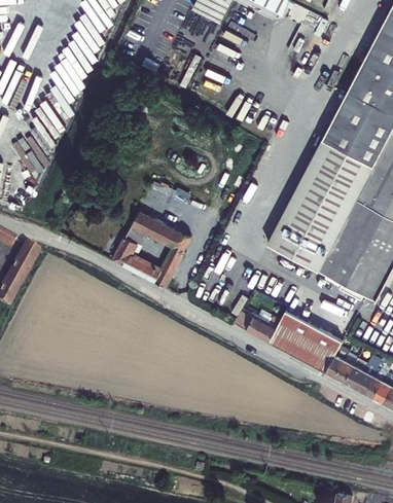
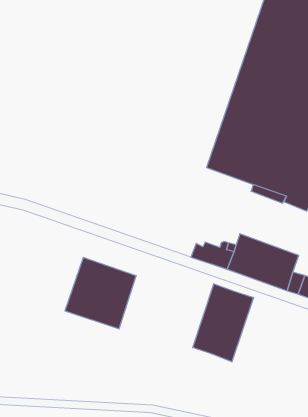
building: [117,212,192,287] -> [65,258,136,329]
building: none -> [193,284,254,362]

